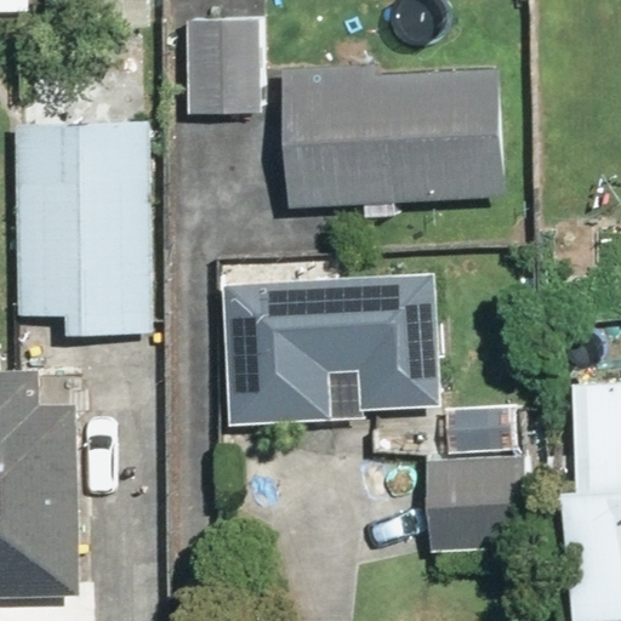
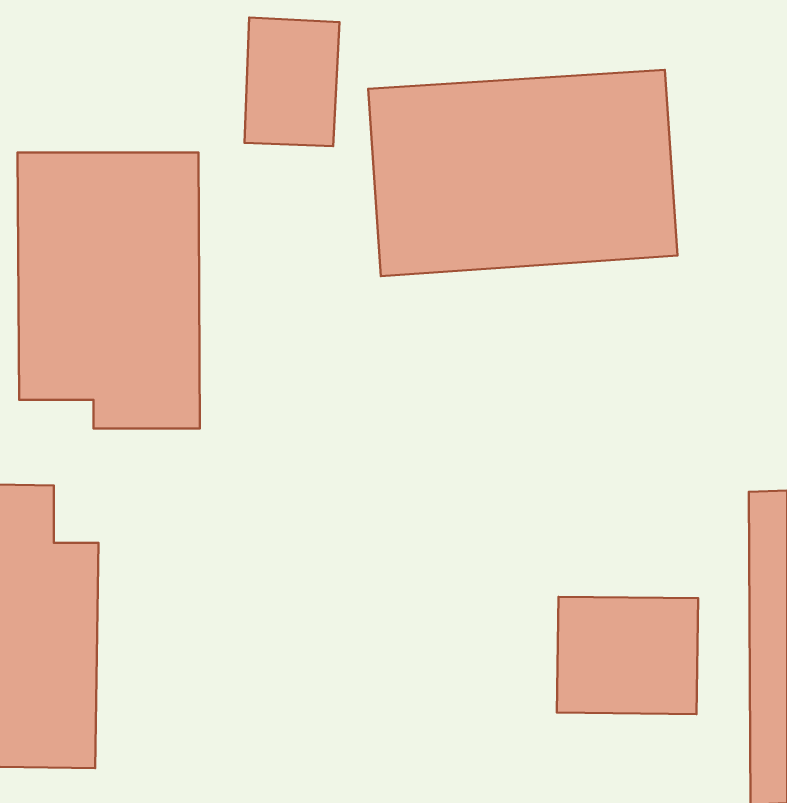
building: [223,270,443,418] -> none

